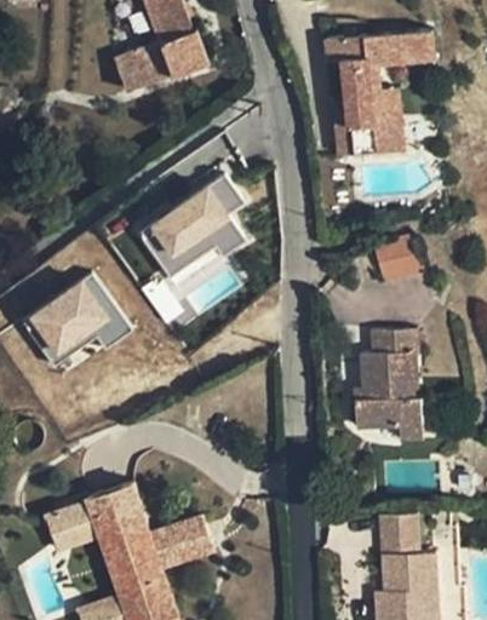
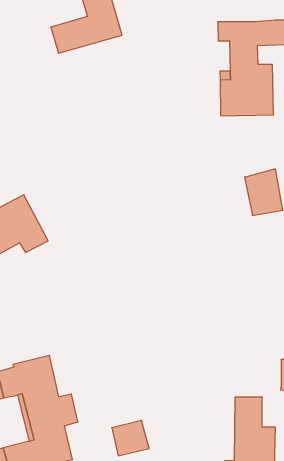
building: [134,180,244,279] -> none
building: [354,328,422,440] -> none
building: [171,515,220,562] -> [112,420,149,456]

